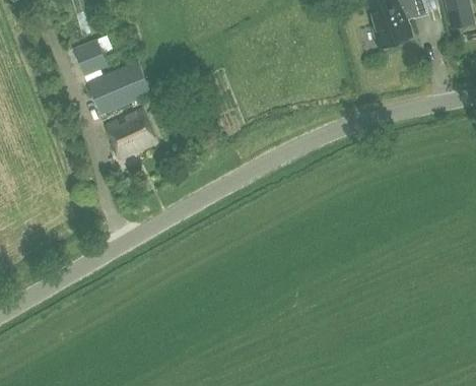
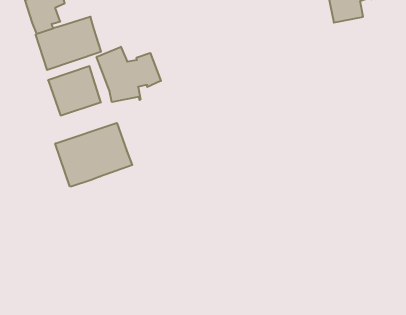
building: none -> [97,47,161,102]
building: none -> [55,123,132,186]

